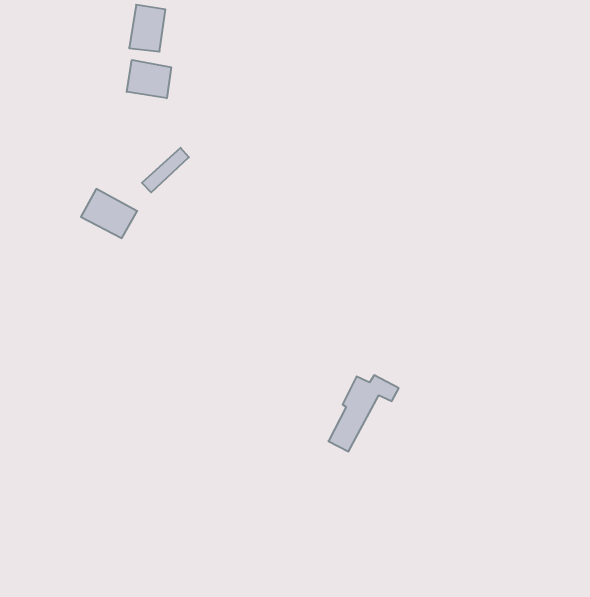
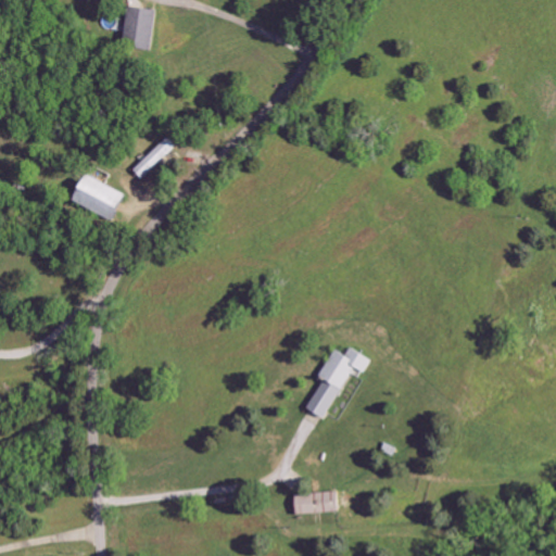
building: [127,60,171,98] -> none
building: none -> [293,492,337,513]

